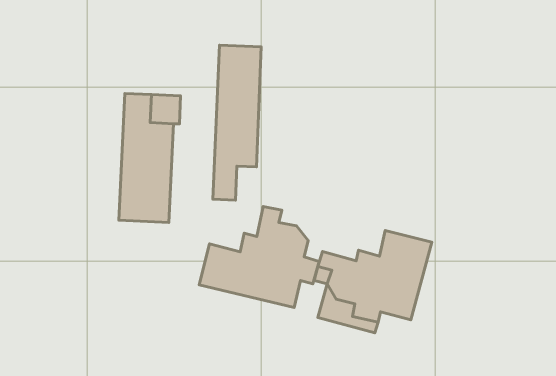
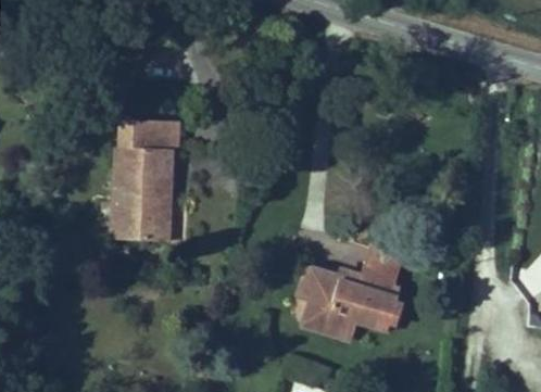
building: [213,45,261,200] -> none
building: [199,206,319,307] -> none

